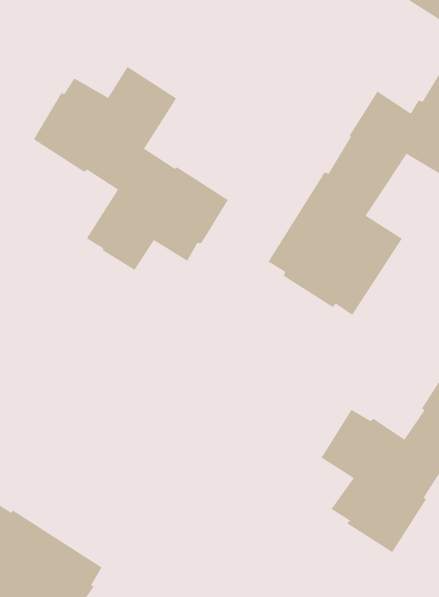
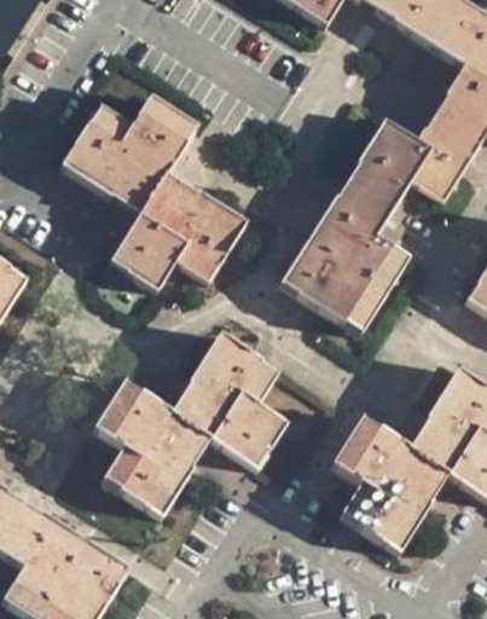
building: none -> [95,330,289,516]

